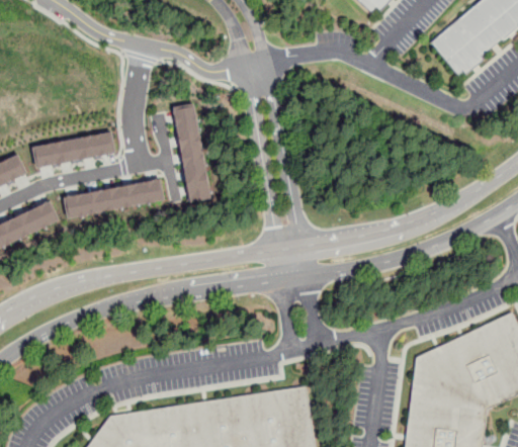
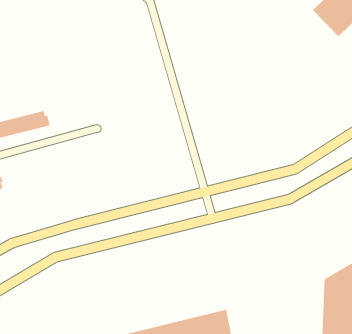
building: [174,103,207,200] -> none
building: [64,183,159,215] -> none

